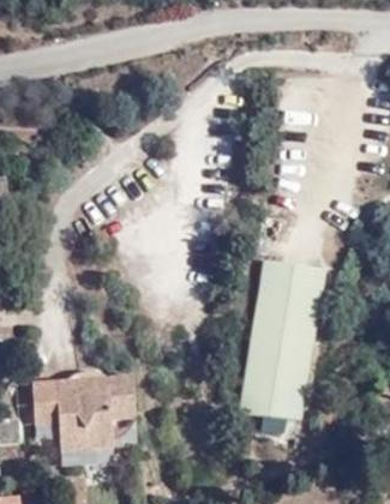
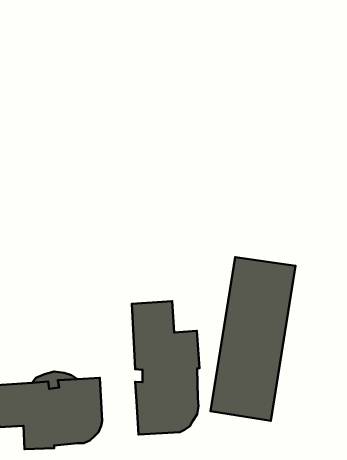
building: none -> [132,301,199,435]

